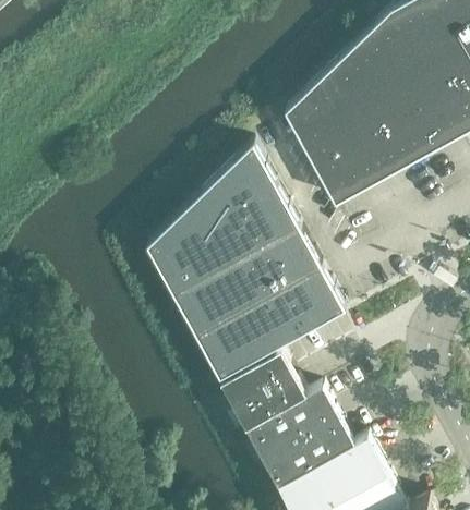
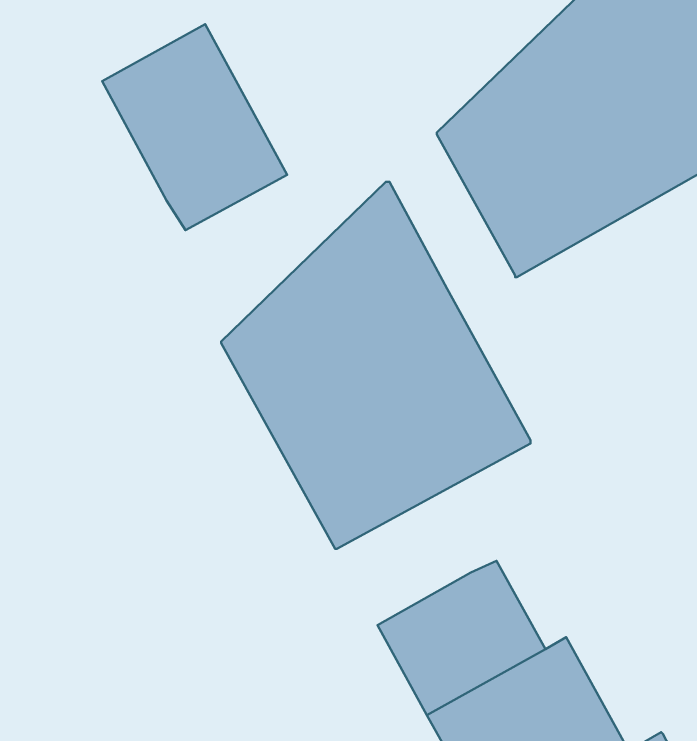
building: none -> [102,24,287,230]
building: [222,351,308,430] -> none

